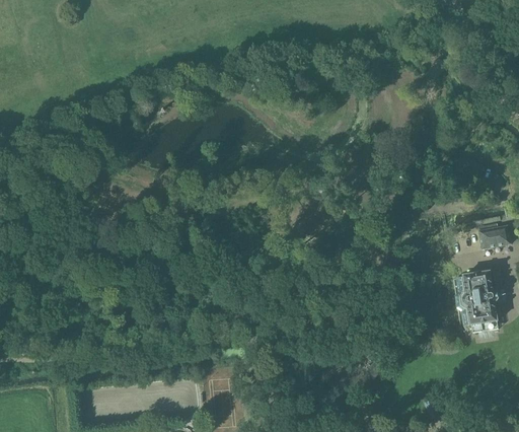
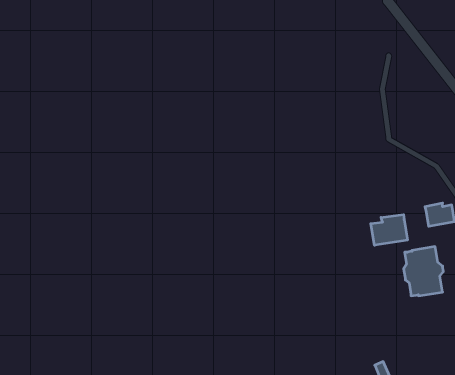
building: none -> [371,215,407,245]

